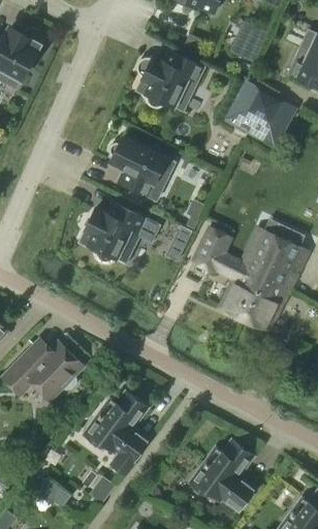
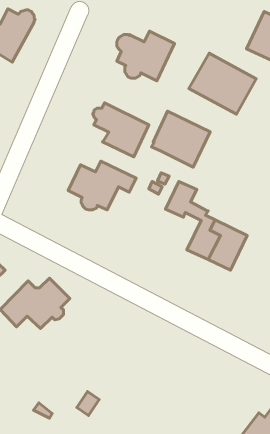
building: [232,21,269,61] -> none
building: [241,226,309,291] -> [151,111,210,167]
building: [85,392,150,474] -> none
building: [190,440,256,510] -> none

